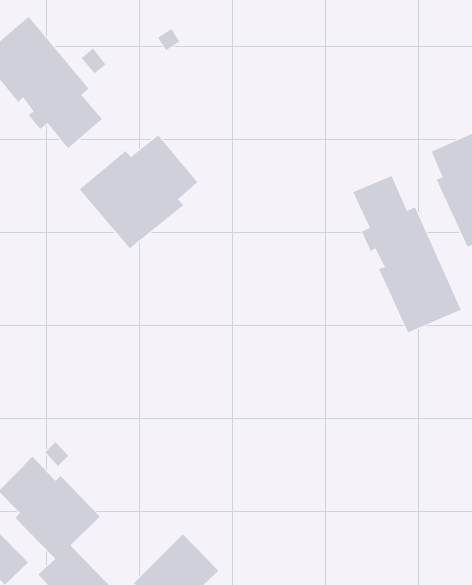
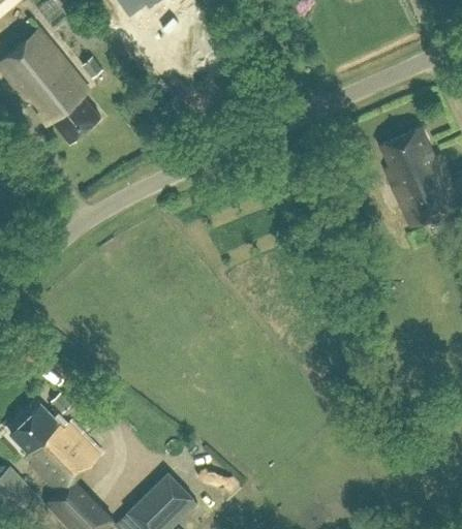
building: [79,134,198,249] -> none
building: [353,175,461,333] -> none

